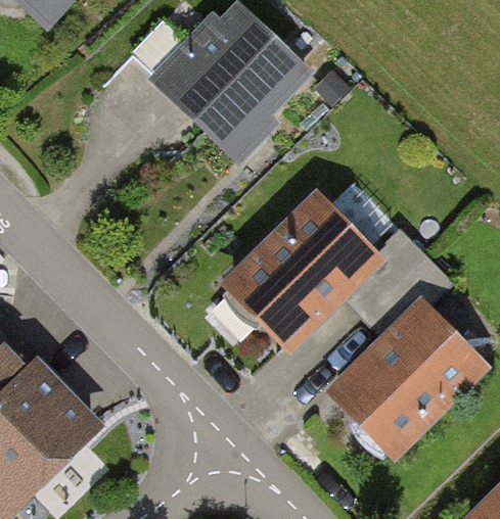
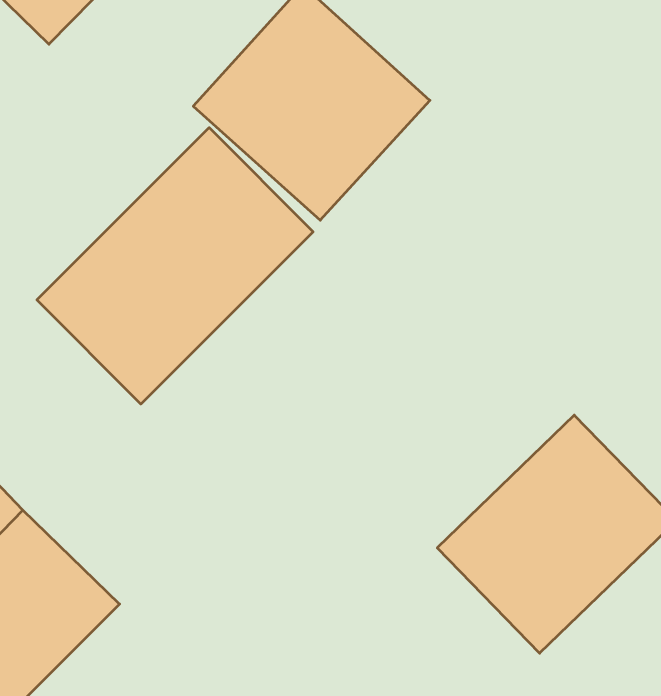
building: none -> [37,128,313,404]
building: [216,184,390,357] -> none

